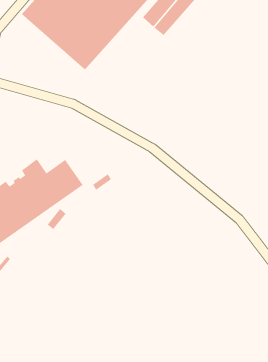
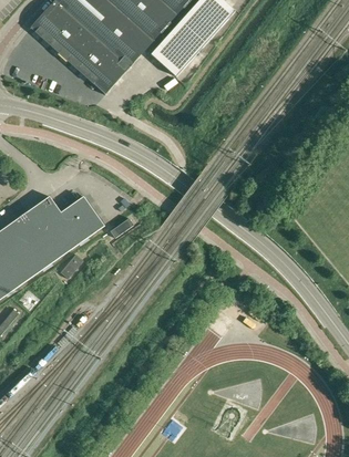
building: none -> [150,29,197,76]

